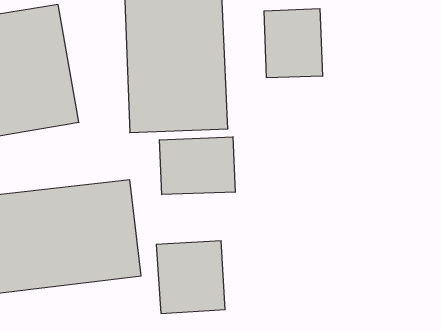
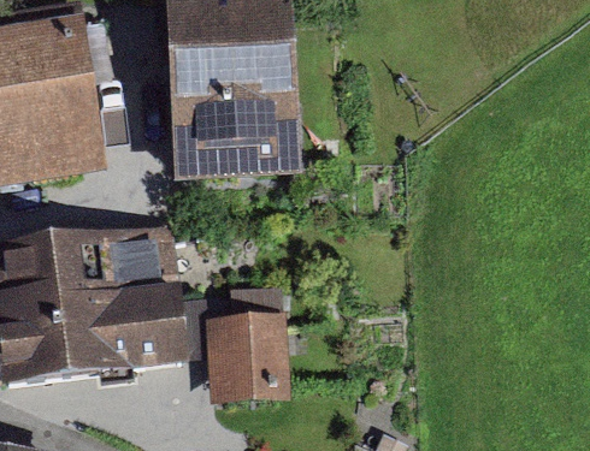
building: [264,9,323,78] -> none
building: [160,137,235,195] -> none

